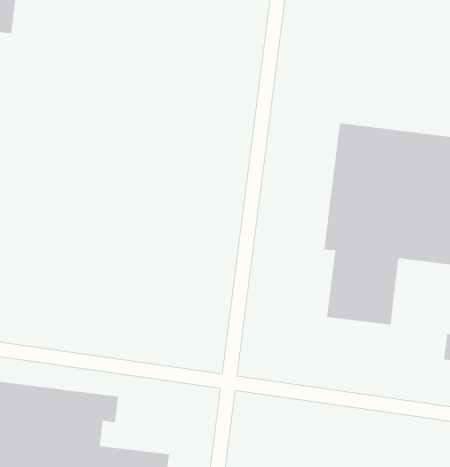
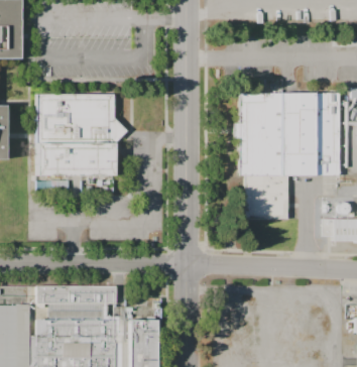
building: none -> [35,96,126,176]

